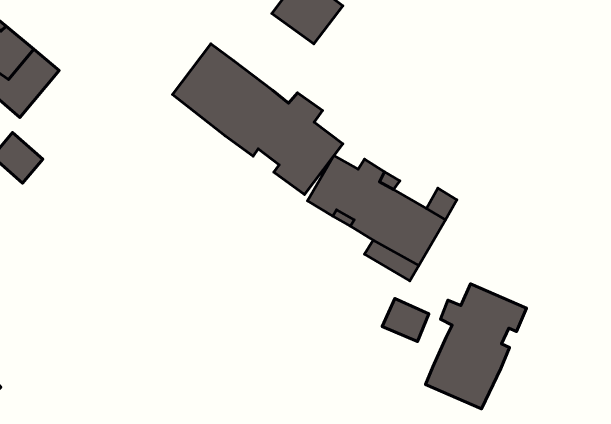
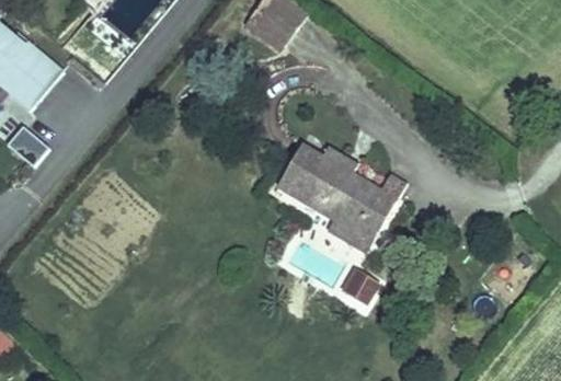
building: [173,44,343,195] -> none
building: [426,284,526,409] -> none

